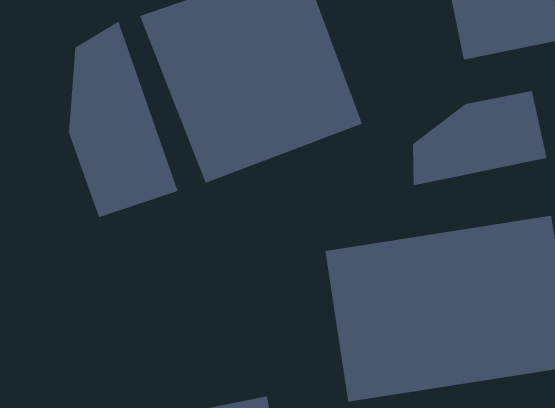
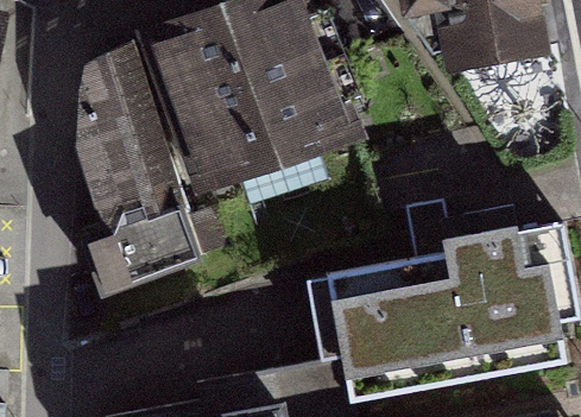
building: [412,90,547,186] -> none
building: none -> [86,202,206,295]

